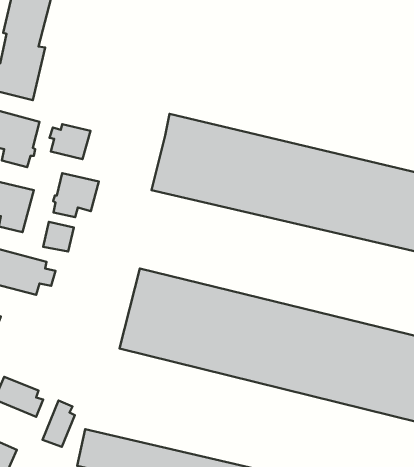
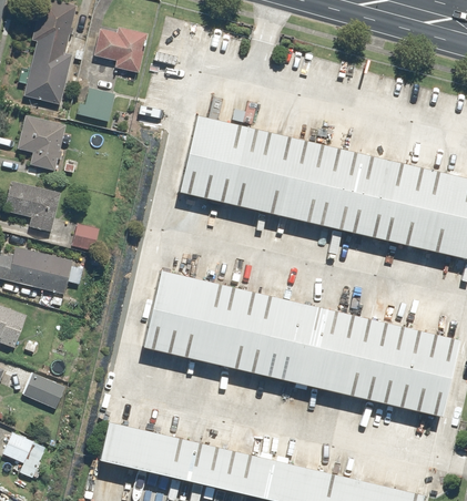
building: none -> [95,27,146,72]
building: [50,124,91,159] -> [77,86,116,121]
building: [53,173,99,217] -> none
building: [43,401,75,447] -> none

